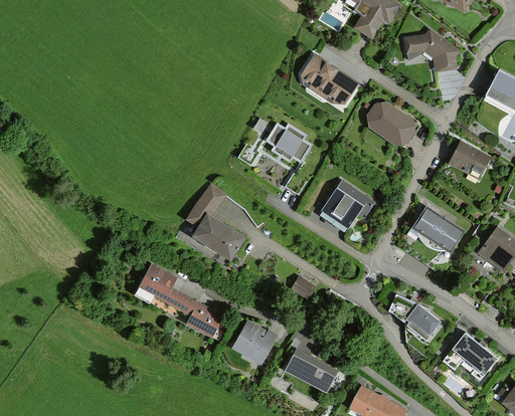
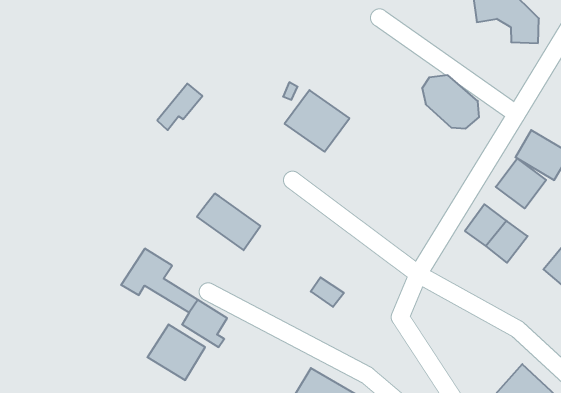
building: [300,56,358,108] -> none
building: none -> [496,158,546,208]
building: [321,180,369,228] -> none
building: [188,187,223,226] -> [157,84,202,130]
building: [390,295,439,341] -> none
building: [232,318,279,362] -> [147,324,205,380]

